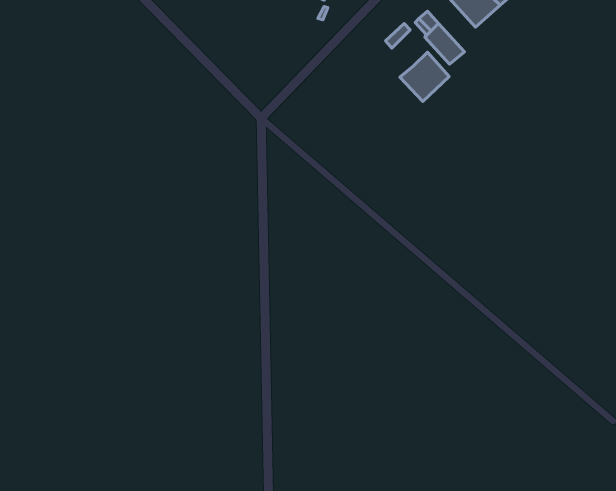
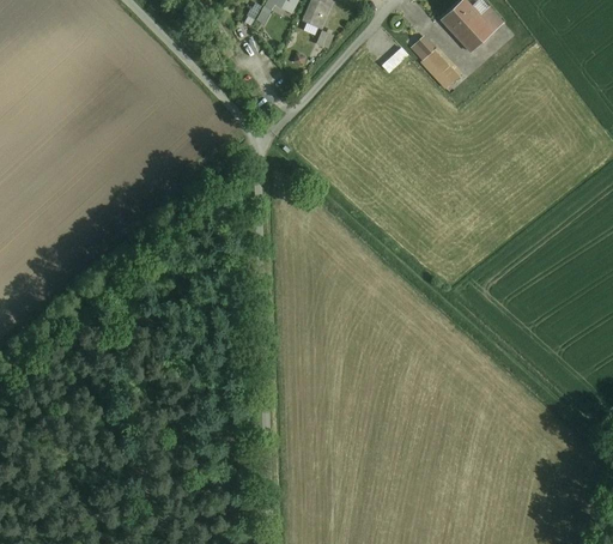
building: [400,52,449,102] -> none

